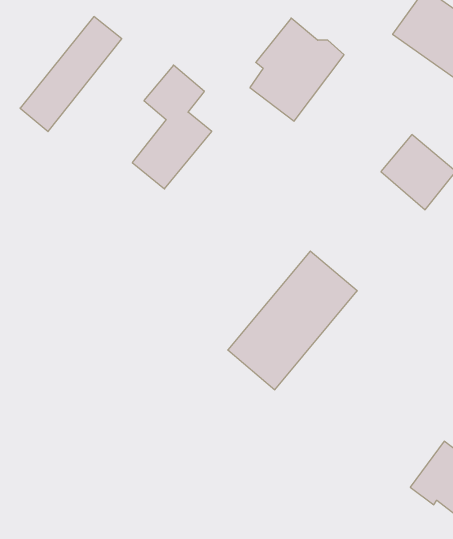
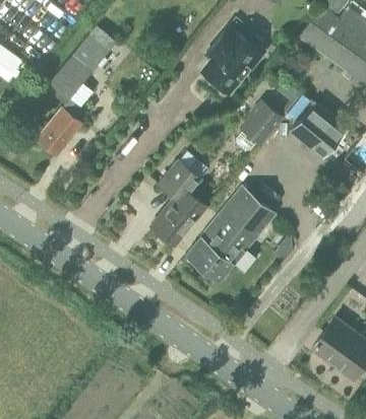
building: [132,65,212,189] -> [151,161,206,247]
building: none -> [238,102,282,149]
building: none -> [37,109,82,156]

